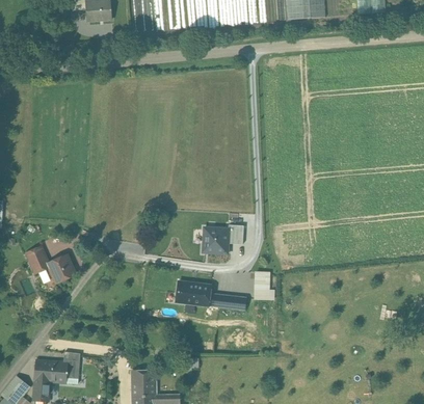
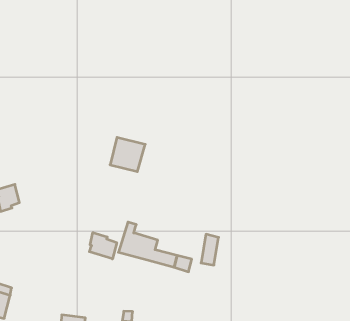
building: [200,227,230,257] -> [110,137,145,172]
building: none -> [89,233,117,259]

